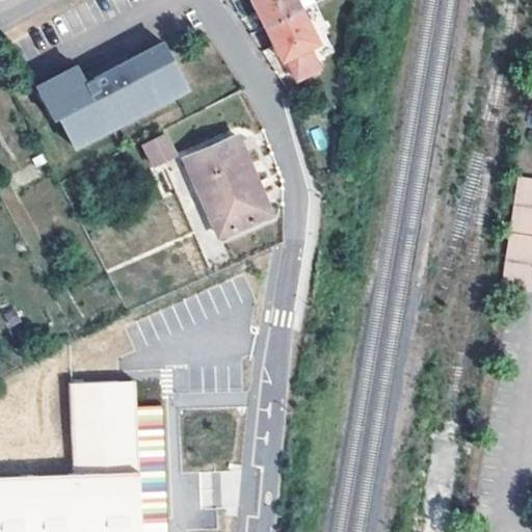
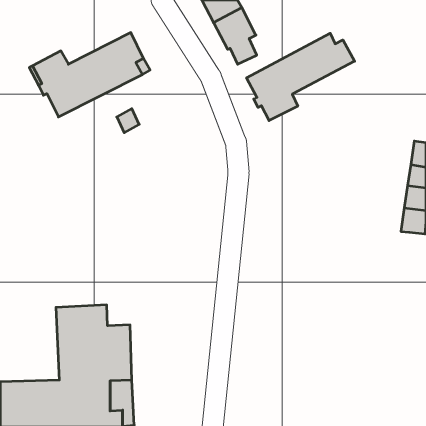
building: none -> [247,33,355,121]
building: [184,136,270,237] -> none

